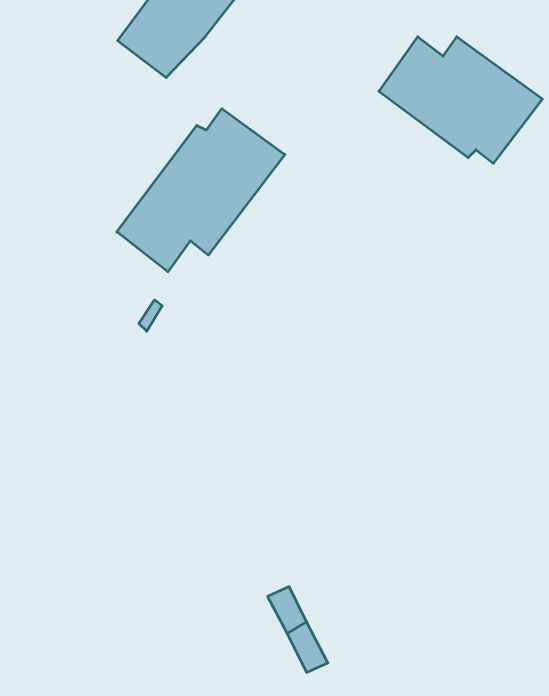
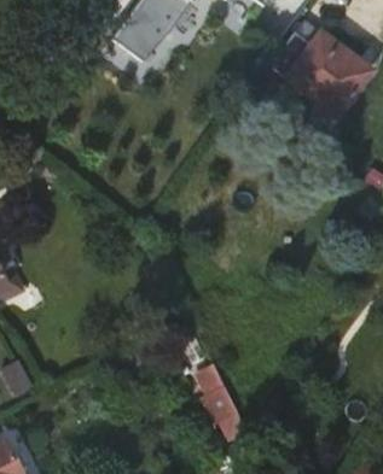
building: [117,109,285,272] -> none

